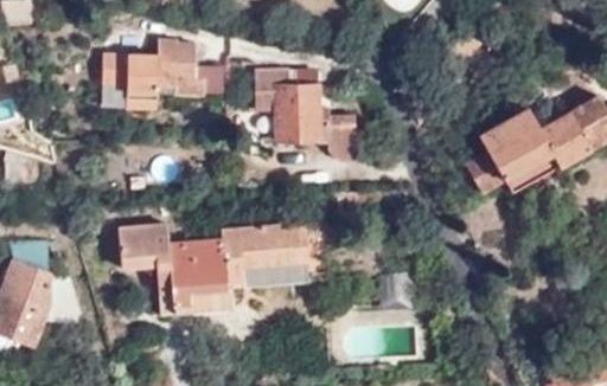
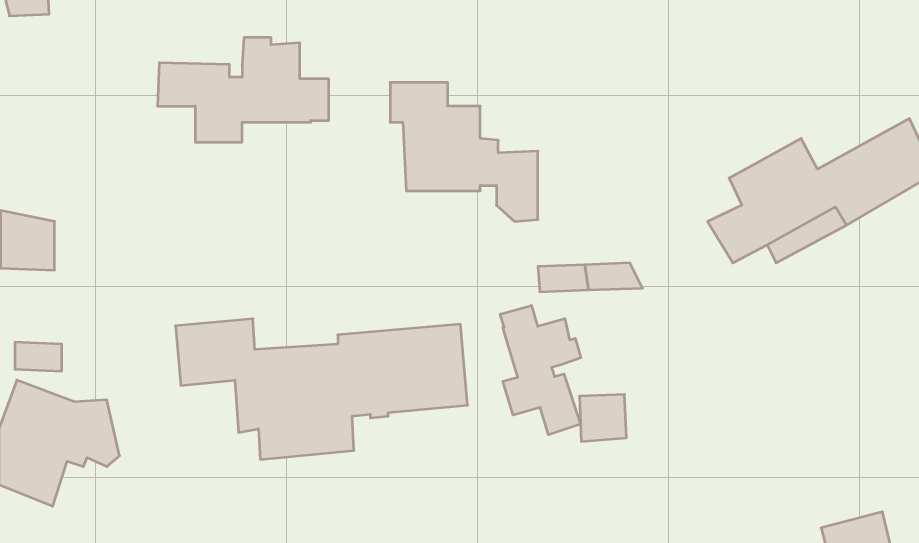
building: none -> [500,305,581,435]

